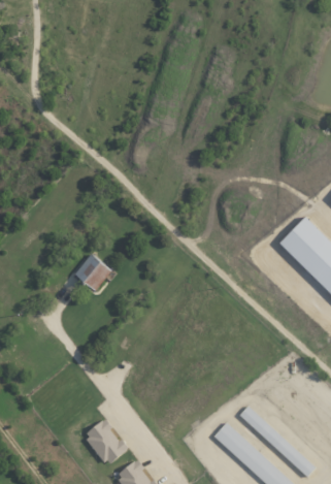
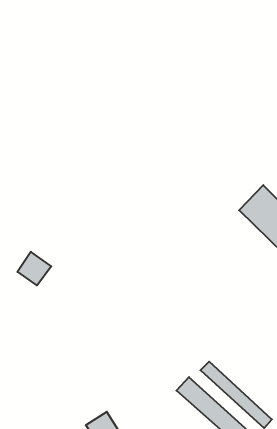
building: [76,253,112,289] -> [17,252,51,285]
building: [85,418,130,465] -> none

